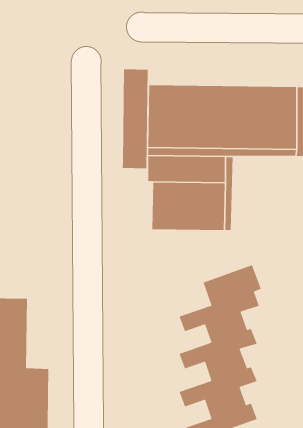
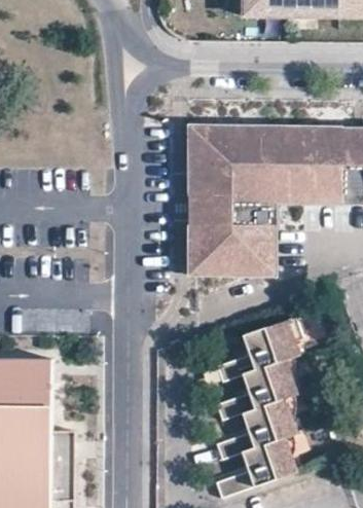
building: [122,68,148,169] -> none

